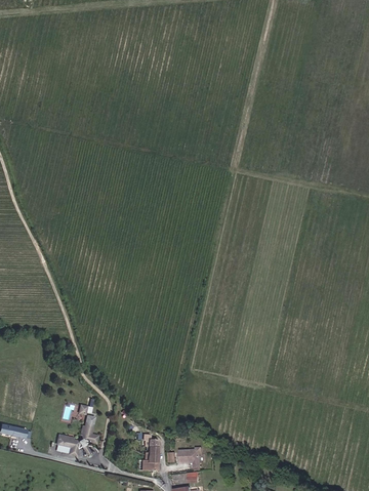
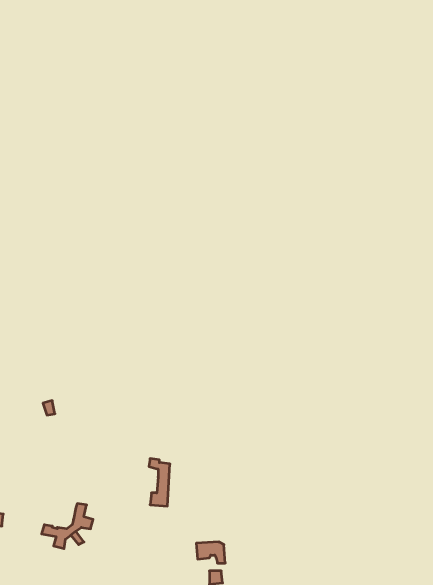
building: [140,434,157,470] -> [149,459,170,506]

